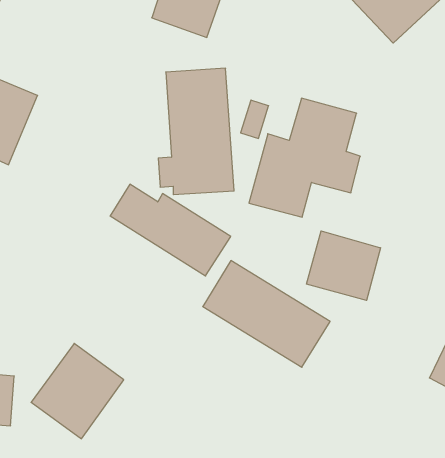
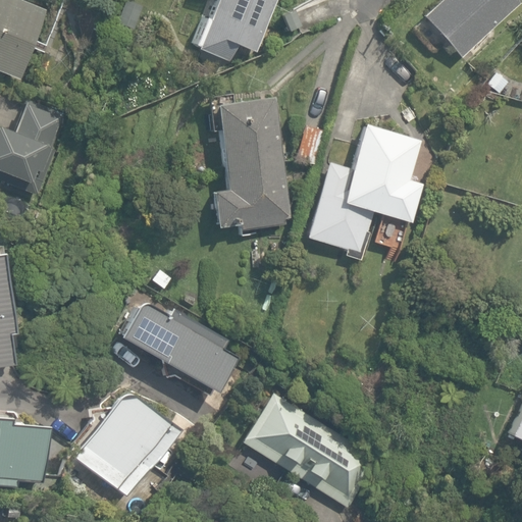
building: [110,184,231,276] -> [108,295,240,395]
building: [306,231,381,300] -> none
building: [203,261,330,367] -> [242,392,380,508]

